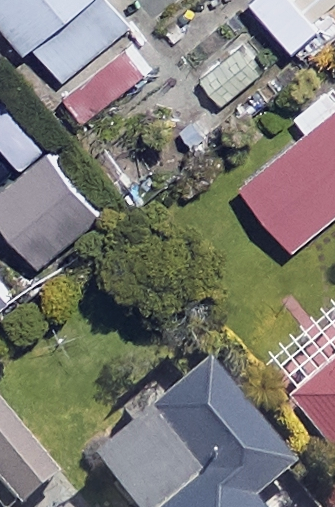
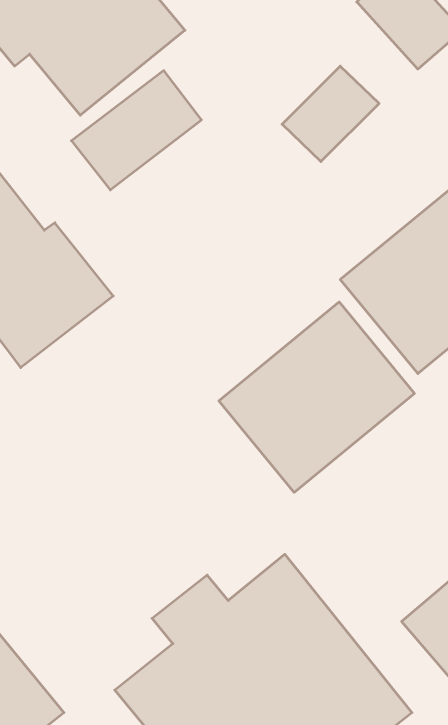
building: none -> [219,302,414,492]

